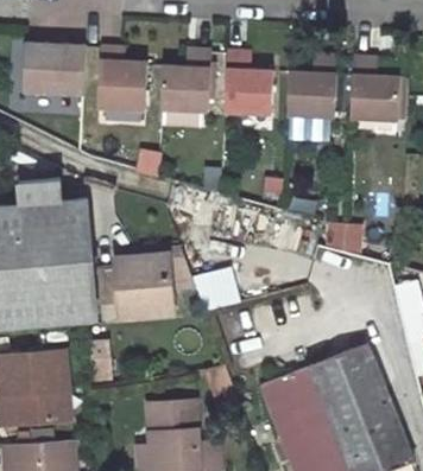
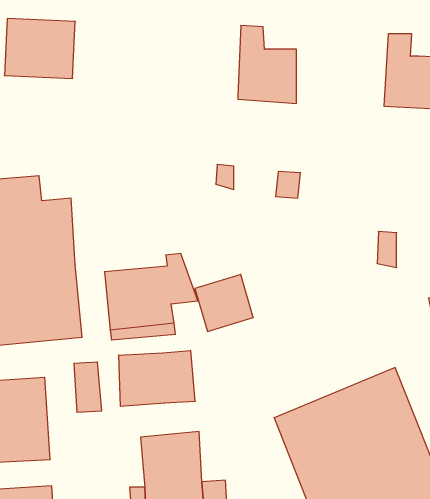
building: [100,47,150,112] -> none
building: [163,50,214,127] -> none
building: [290,55,342,119] -> none
building: none -> [119,350,195,406]

